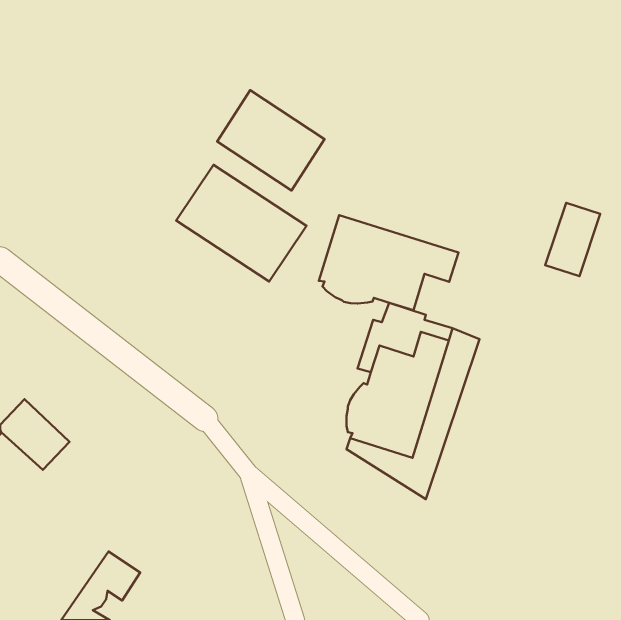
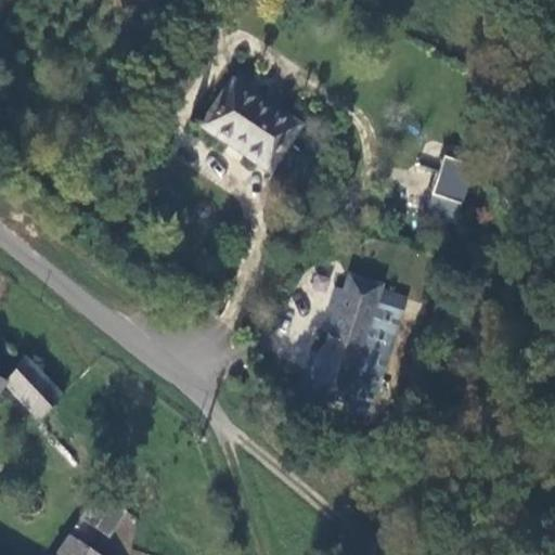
building: [176,165,307,281] -> none
building: [545,203,600,276] -> [428,152,477,217]
building: [319,215,459,310] -> none

